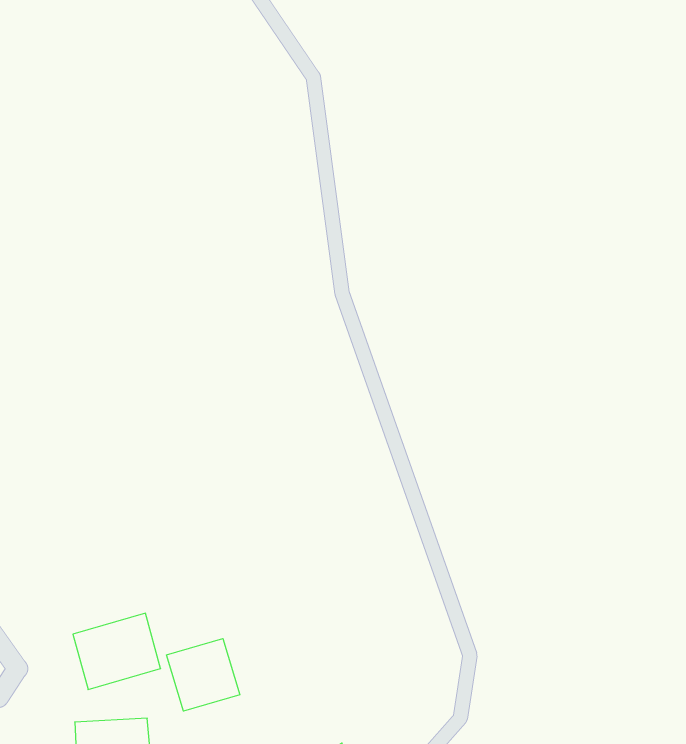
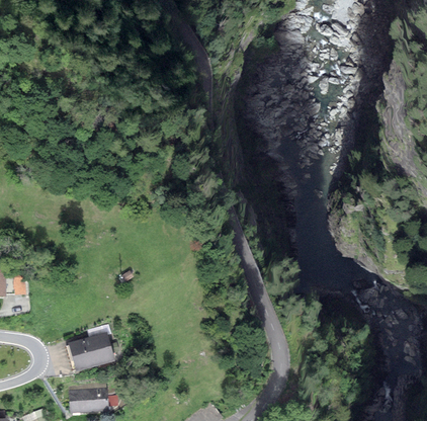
building: [167,639,240,711] -> none

